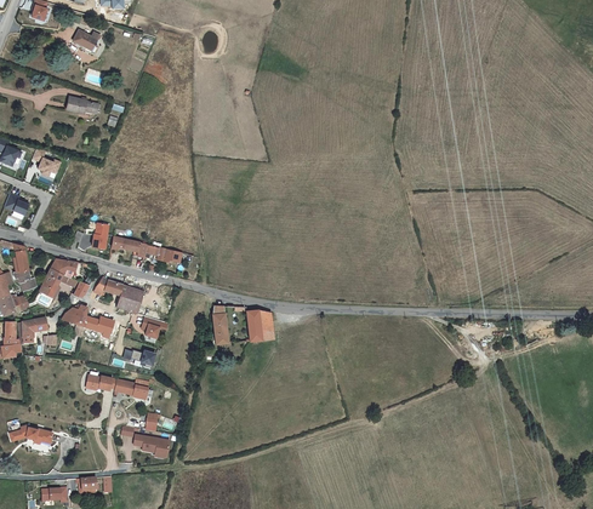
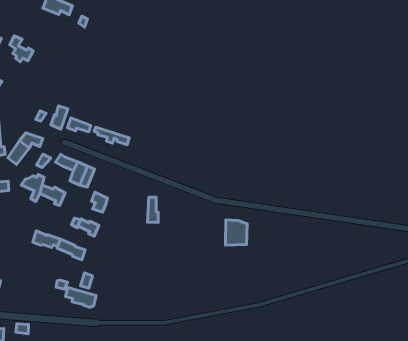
building: [243,309,270,339] -> [226,220,247,245]

